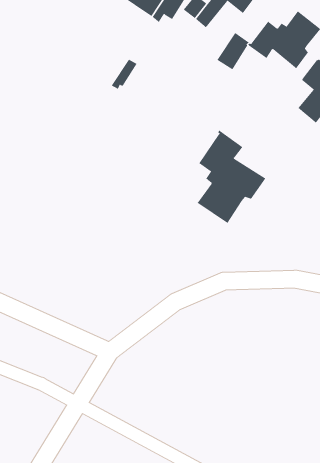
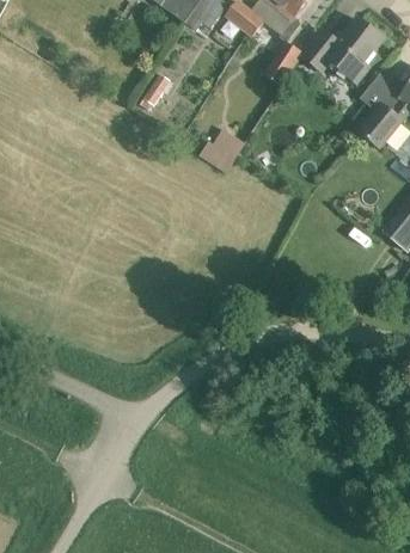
building: none -> [198,127,245,170]
building: [197,130,266,224] -> none

